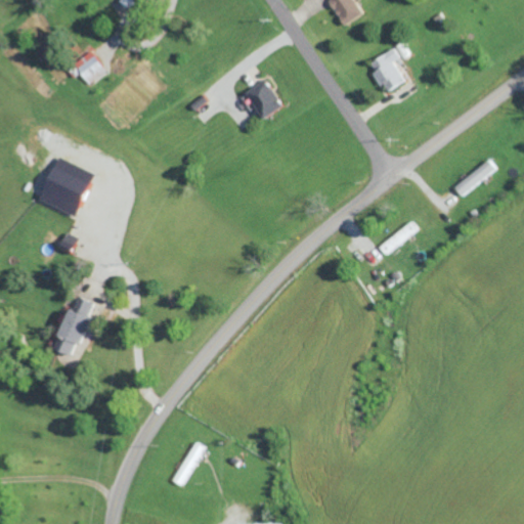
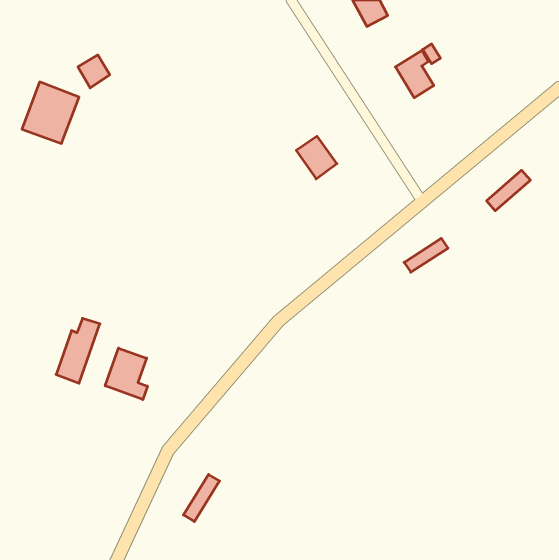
building: [245,80,282,120] -> [296,136,337,179]
building: [38,158,91,215] -> [22,82,79,143]
building: none -> [105,348,147,400]

